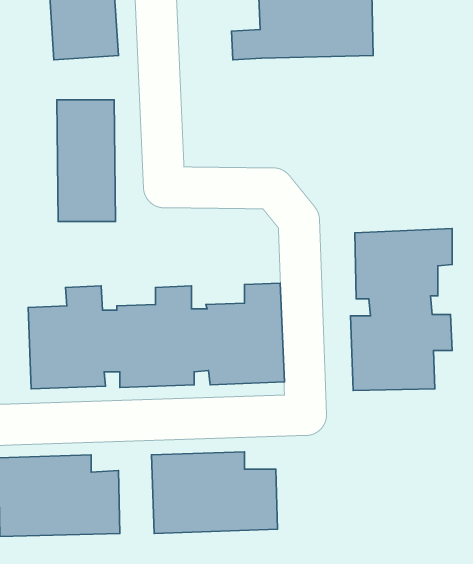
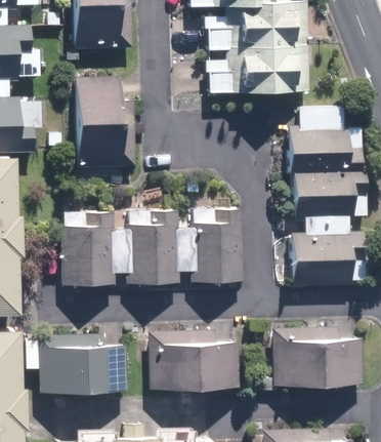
building: none -> [207,49,309,96]
building: none -> [292,110,364,176]
building: none -> [272,330,362,389]

